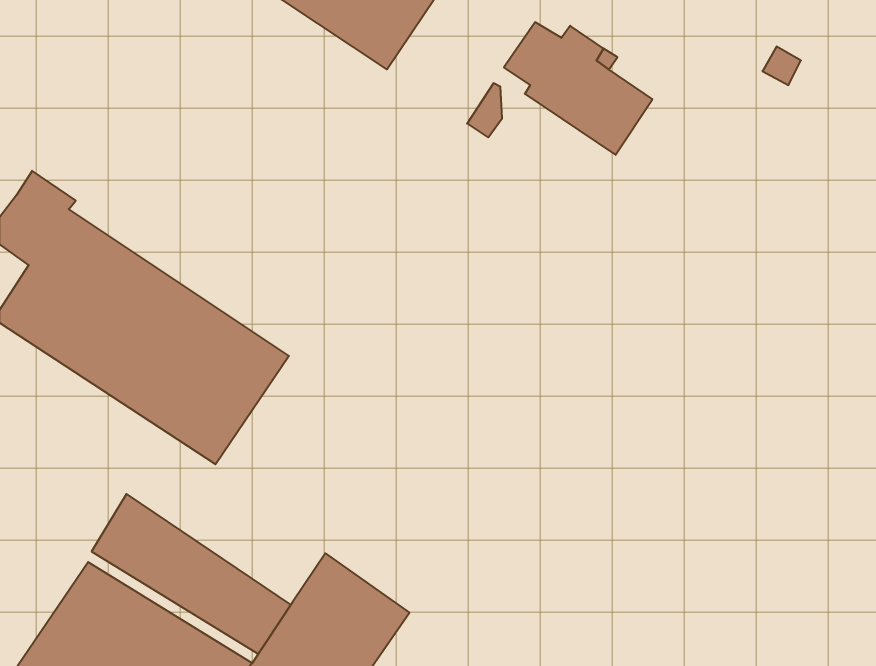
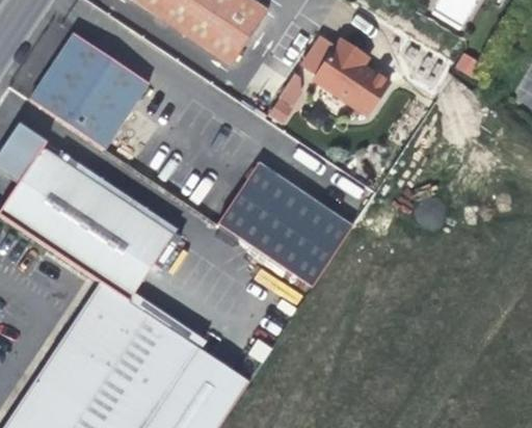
building: none -> [29,31,149,148]
building: none -> [217,162,353,286]
building: none -> [76,285,195,380]

